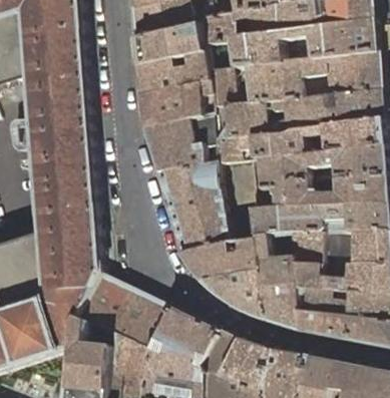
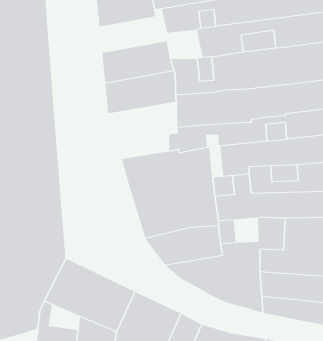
building: [133,21,204,66] -> none
building: [142,116,214,174] -> none

